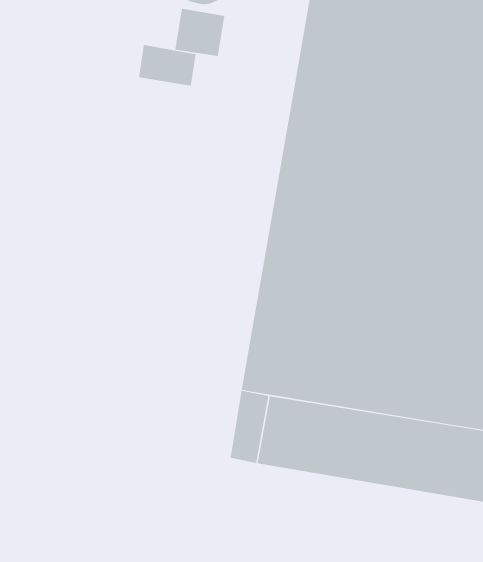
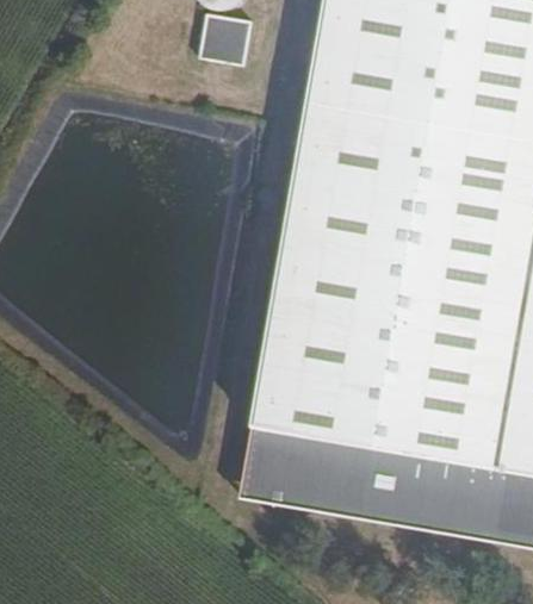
building: [138,44,196,86] -> none

